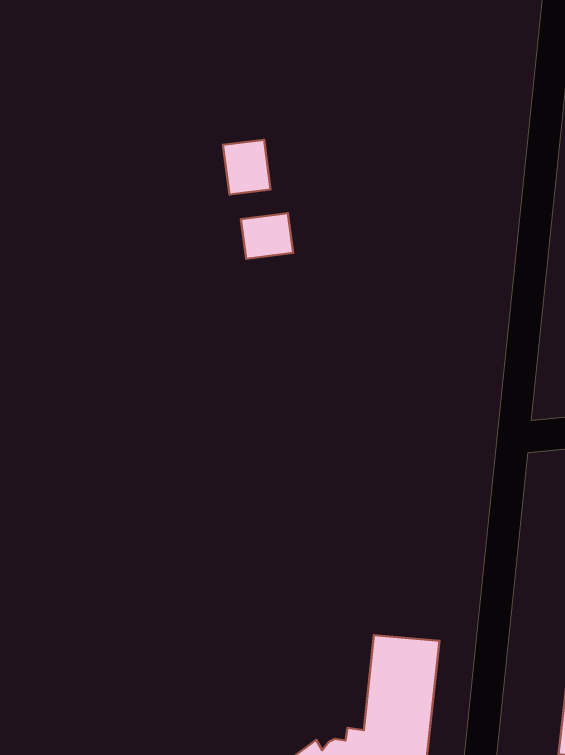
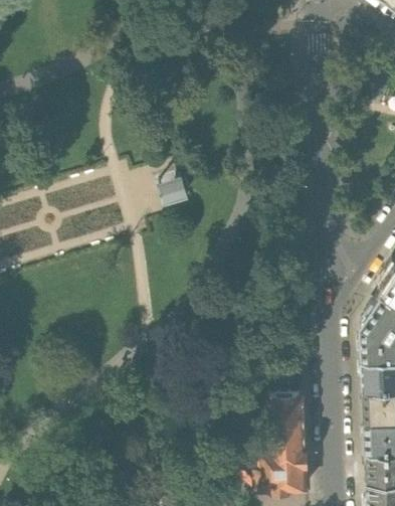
building: [223,140,271,195] -> none

